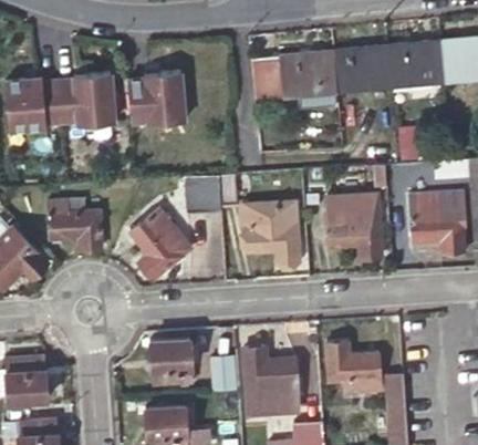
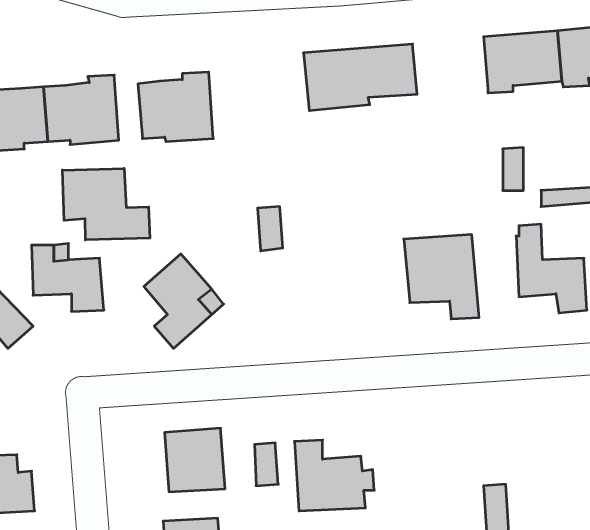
building: [333,45,389,93] -> none
building: none -> [62,168,150,240]
building: [184,174,219,214] -> none
building: [245,199,300,261] -> none
building: [324,343,381,394] -> none

